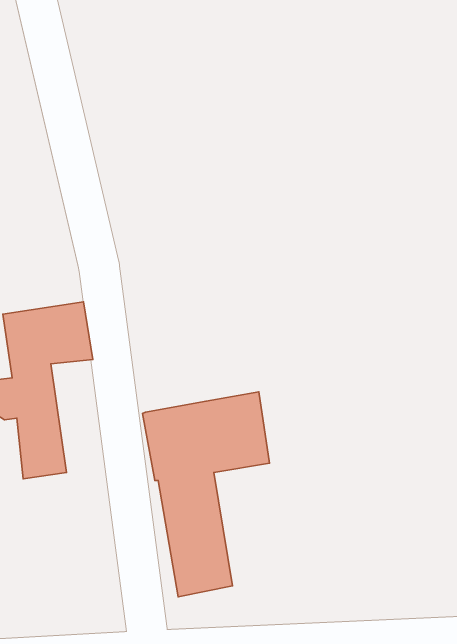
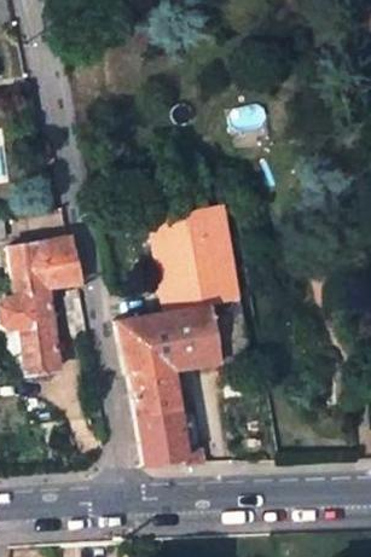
building: none -> [151,207,254,362]

